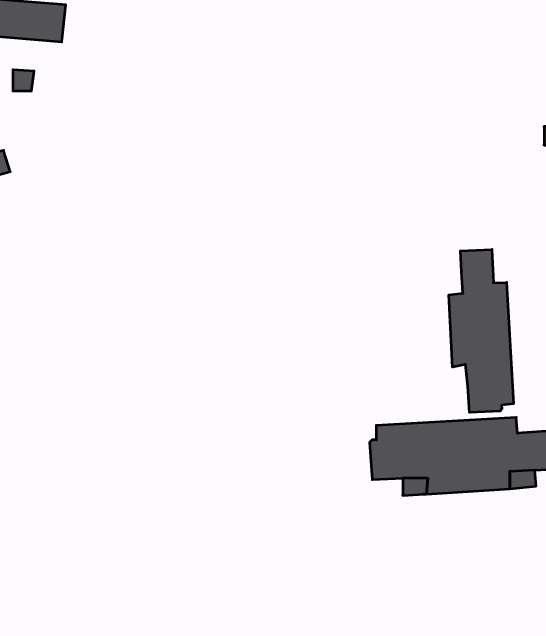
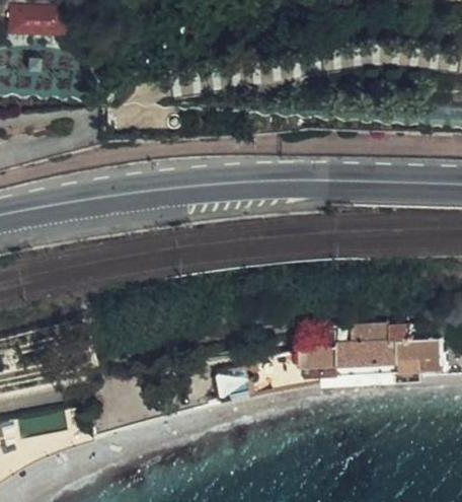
building: [449,249,513,412] -> none

